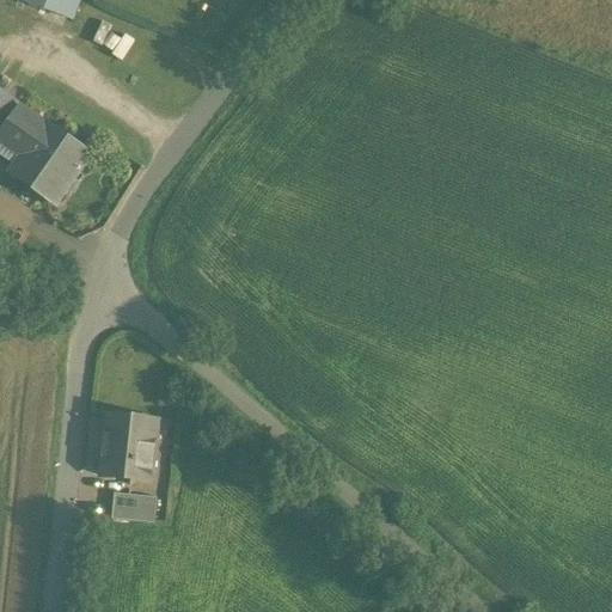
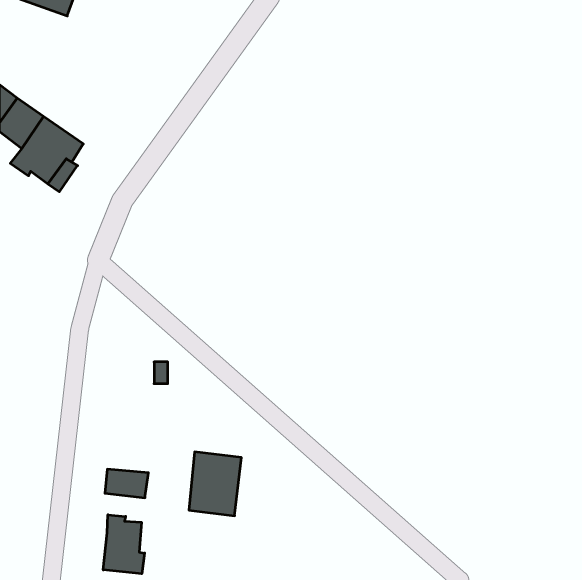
building: [100,412,155,479] -> [189,452,241,516]
building: none -> [103,515,145,574]

